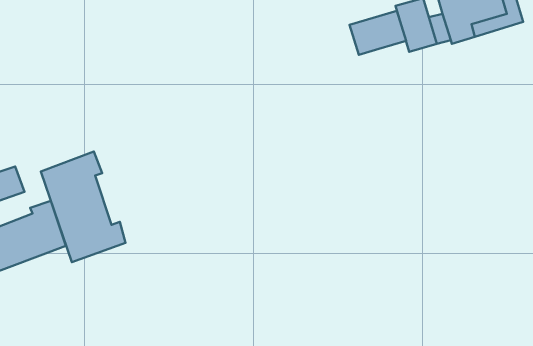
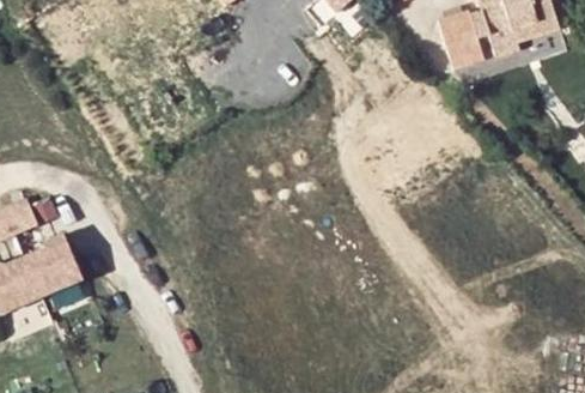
building: [350,11,406,55] -> none
building: [41,151,126,262] -> none

